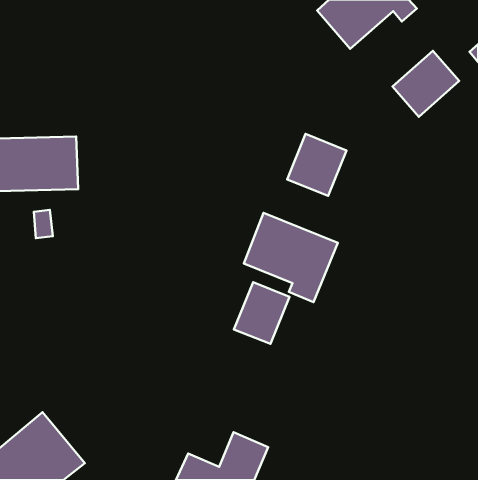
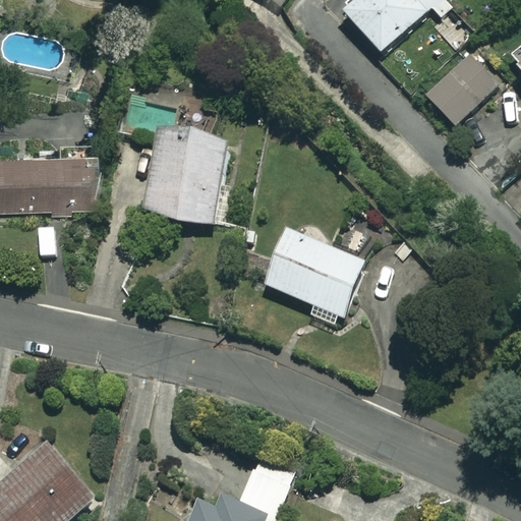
building: none -> [142,129,230,227]
building: [287,134,346,196] -> none
building: [234,282,290,344] -> none

